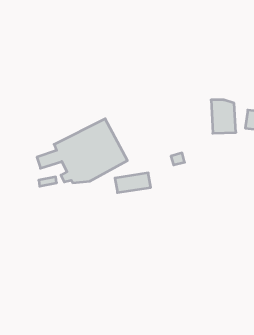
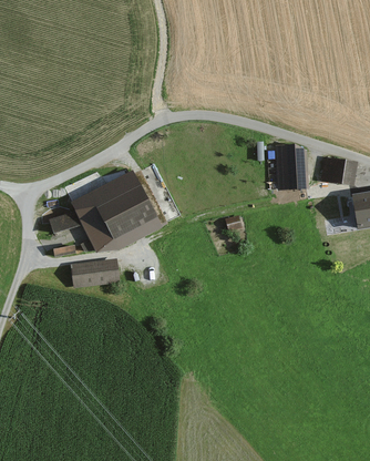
building: [115,173,151,193] -> [71,259,117,285]

